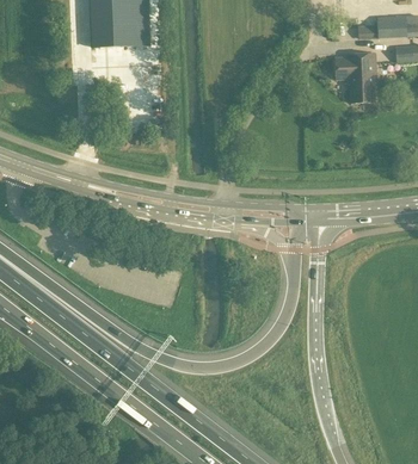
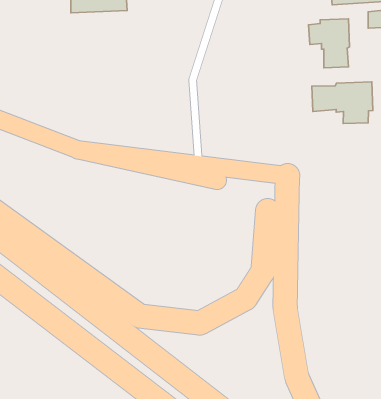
building: none -> [312,82,373,124]

